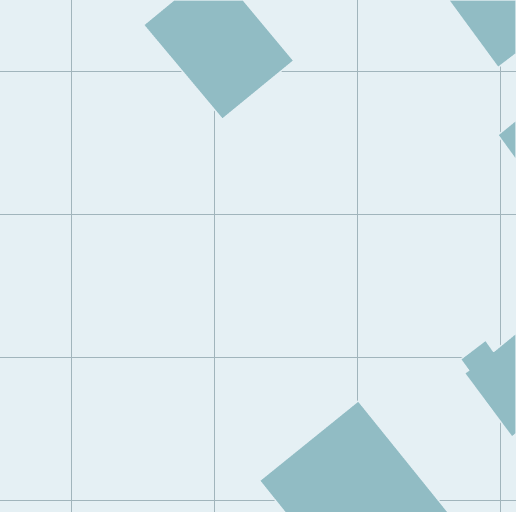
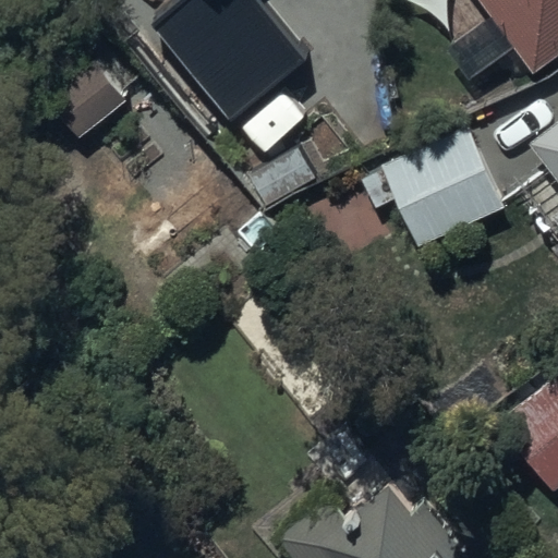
building: none -> [364,132,506,248]

